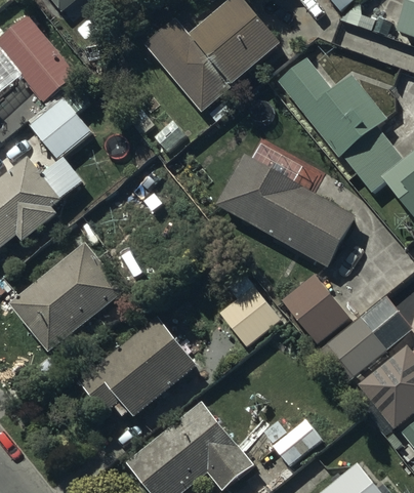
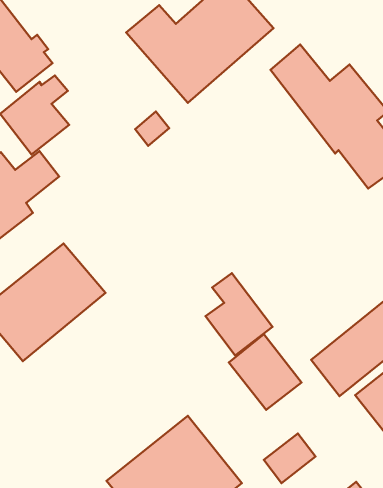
building: [214,152,355,265] -> none
building: [282,273,349,343] -> [229,334,301,410]
building: [78,315,197,422] -> none

